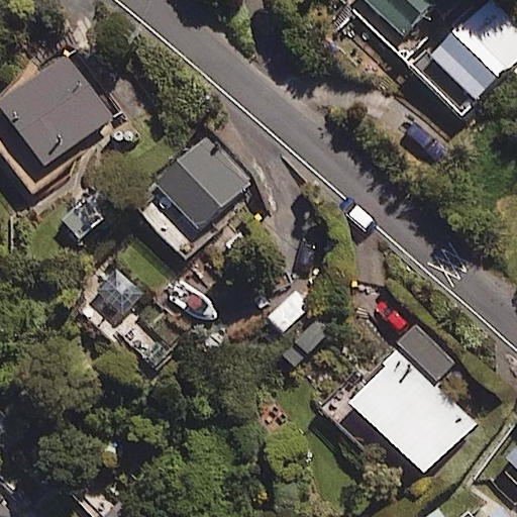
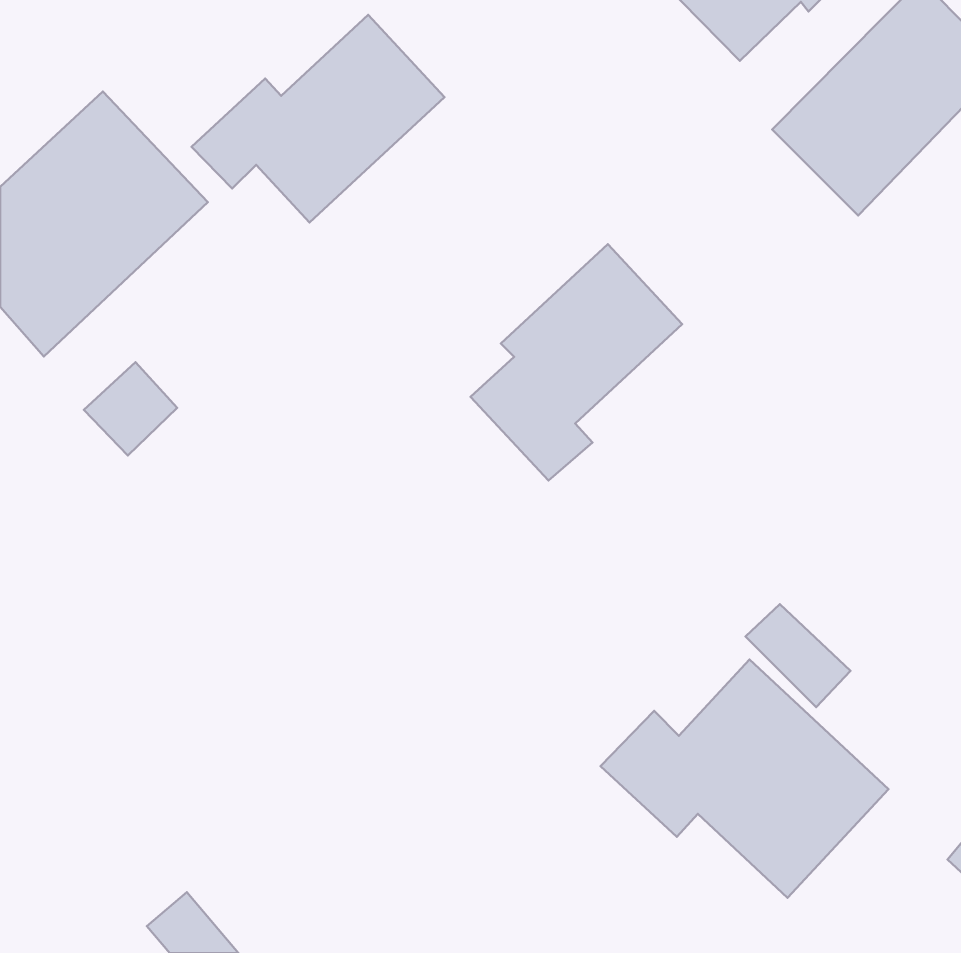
building: none -> [191,15,445,223]
building: [138,133,250,258] -> [470,244,682,481]

